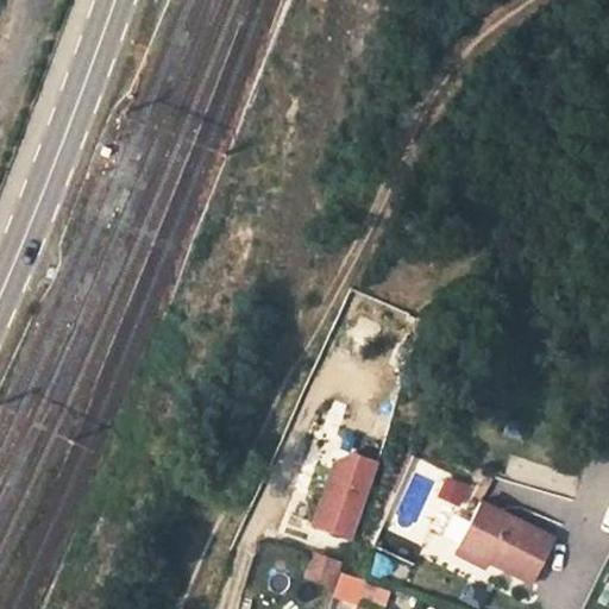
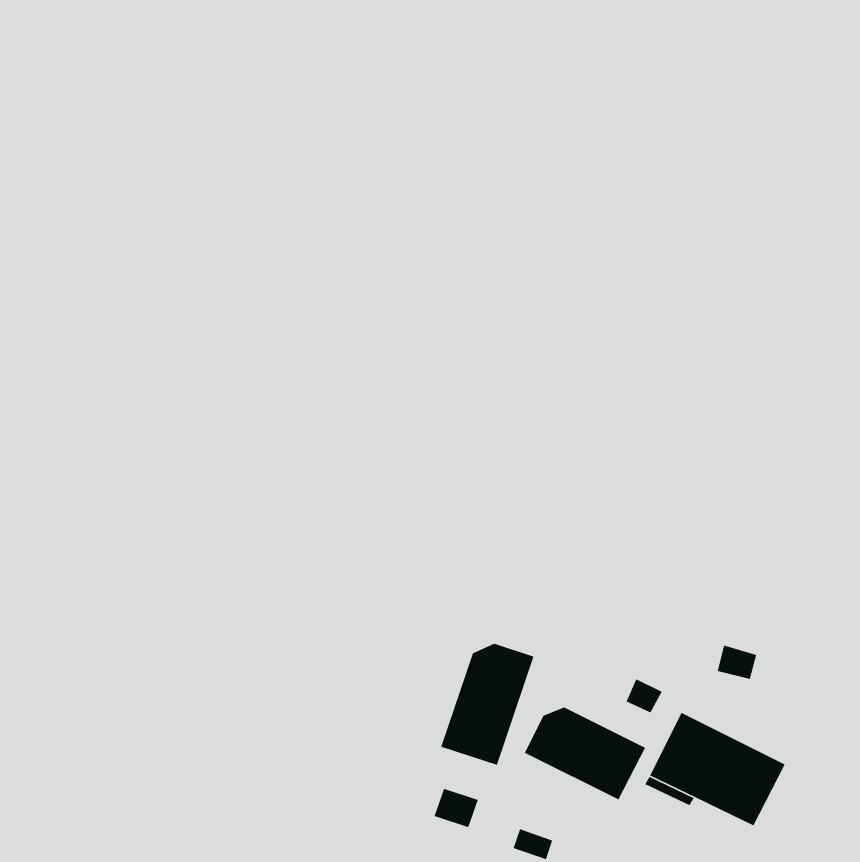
building: none -> [524,706,646,801]

